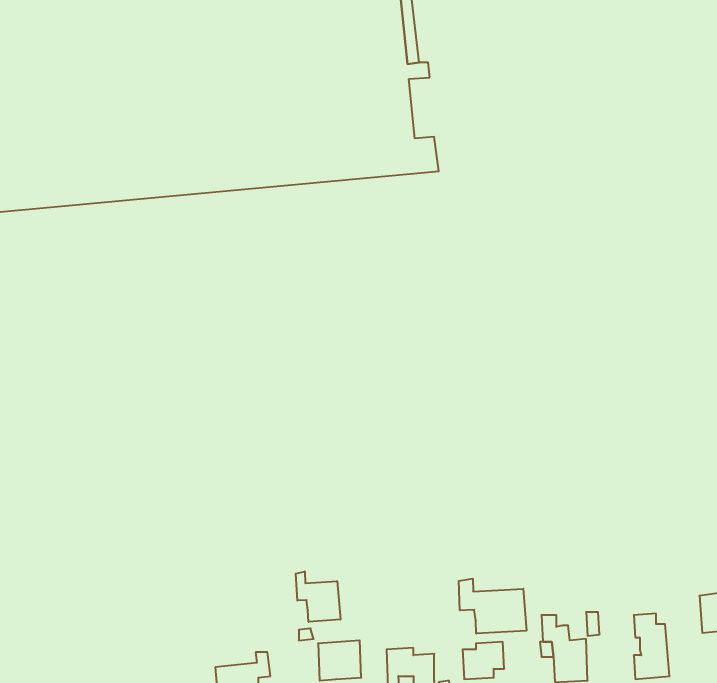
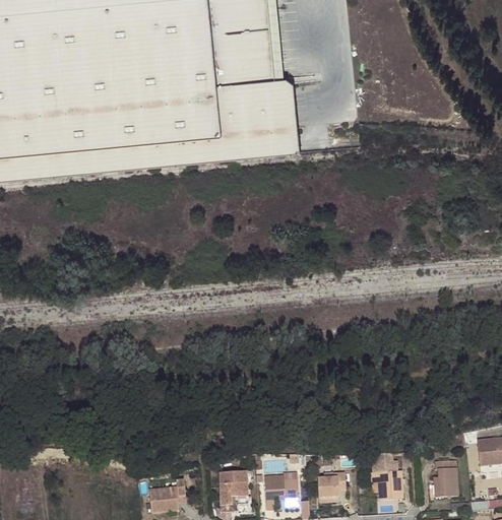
building: none -> [279,87,297,129]
building: [296,571,340,622] -> none
building: [459,579,526,634] -> none

